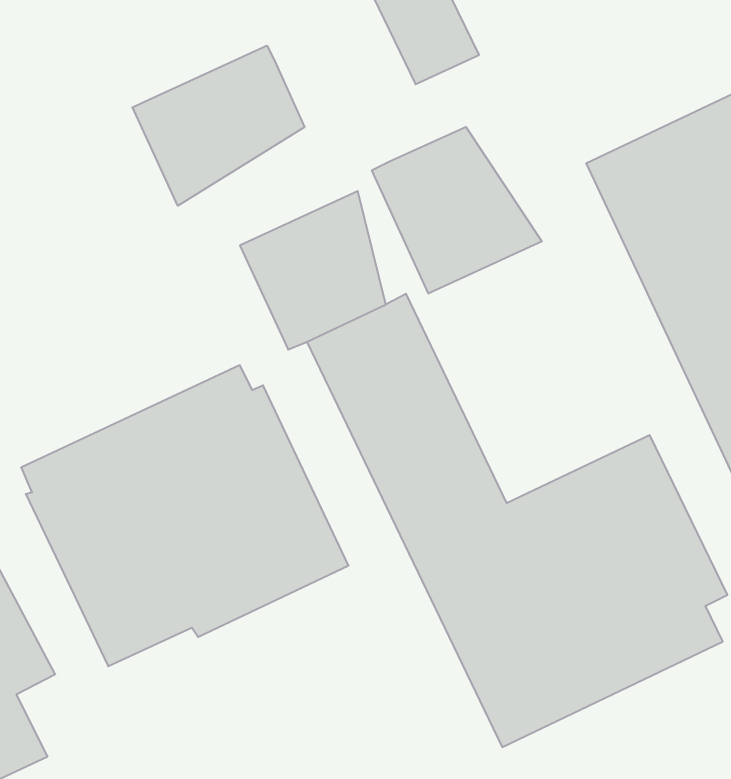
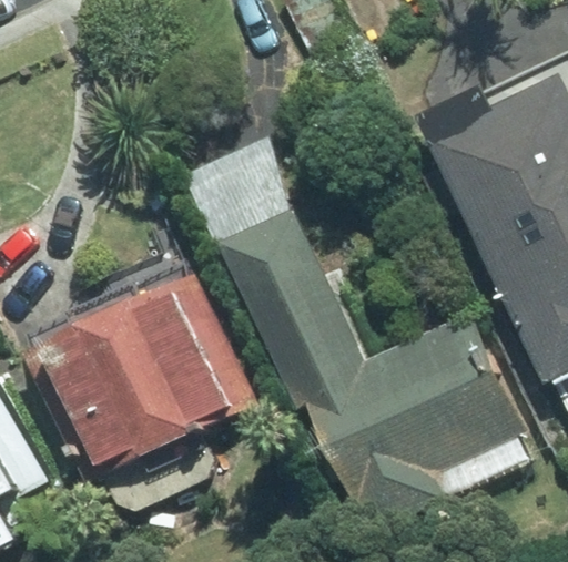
building: [132,46,304,206] -> none
building: [372,127,542,294] -> none

